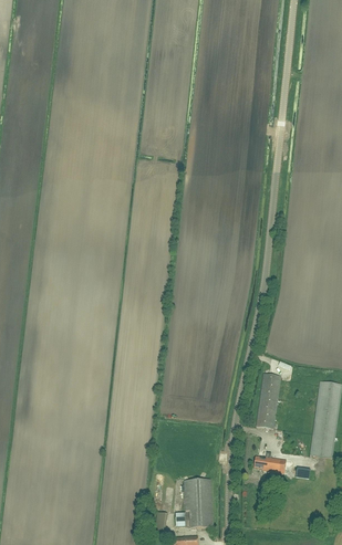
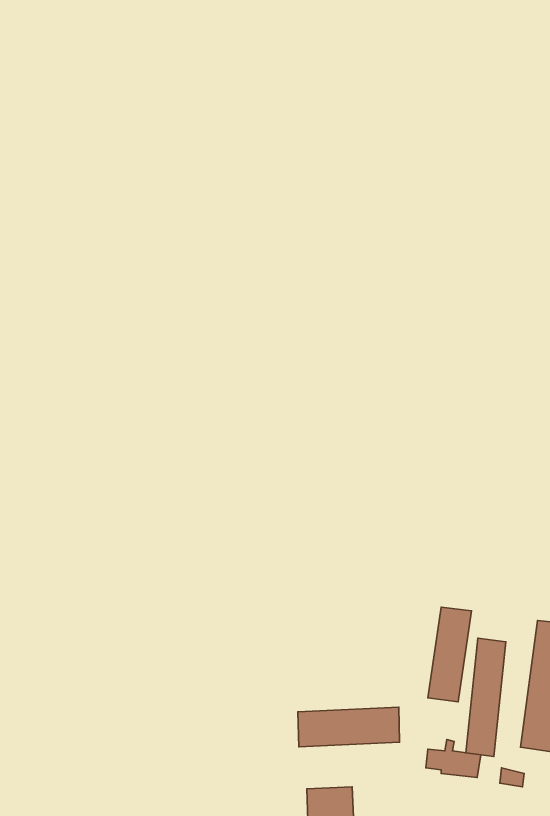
building: none -> [466,638,506,756]
building: none -> [298,707,400,747]

